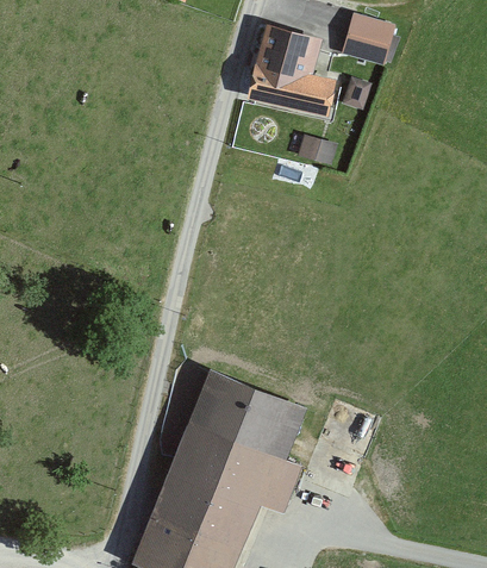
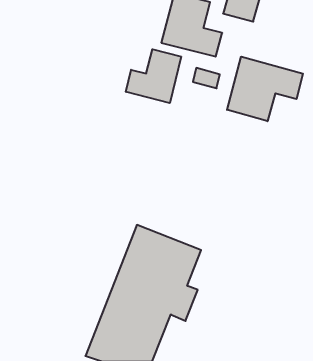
building: none -> [126,49,181,103]
building: none -> [227,57,303,121]

